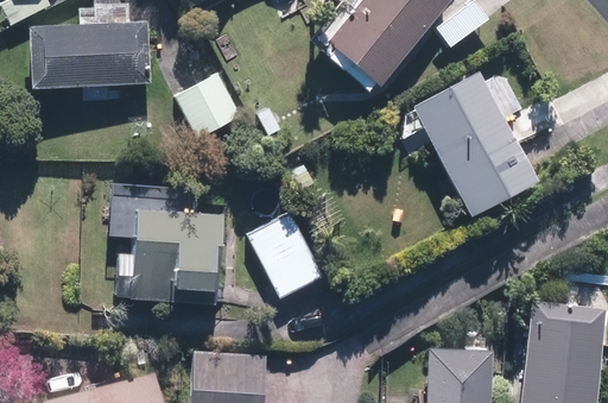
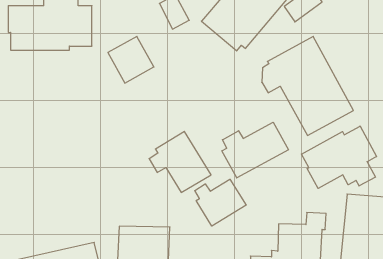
building: [108,182,223,317] -> none
building: none -> [222,122,288,178]
building: none -> [301,126,377,188]
building: none -> [195,179,246,226]

